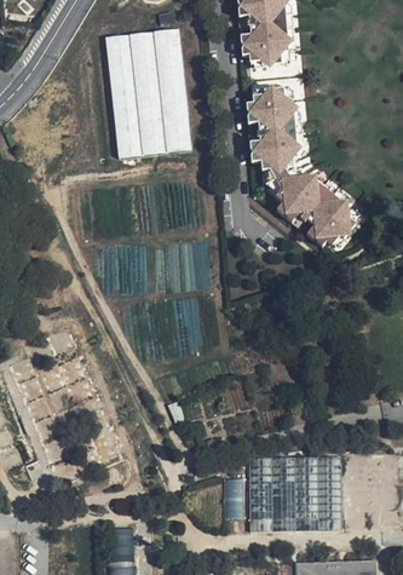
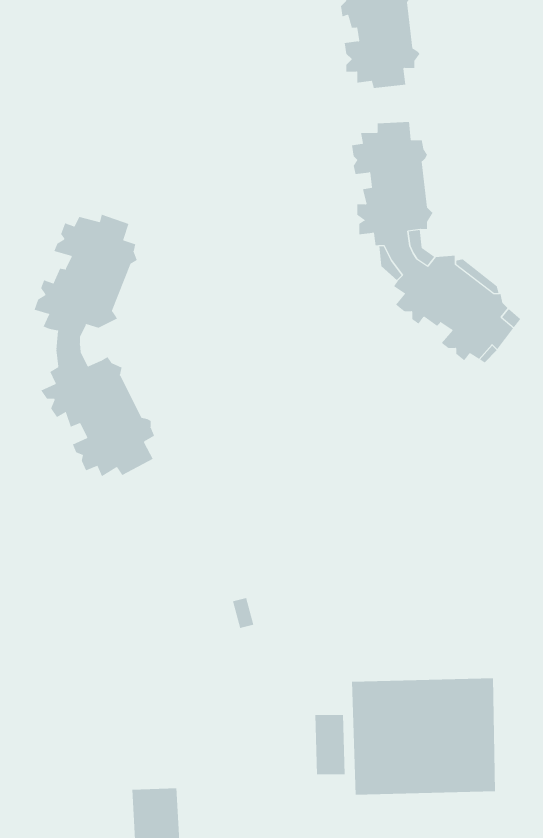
building: [104,27,190,157] -> none
building: none -> [34,214,155,477]

